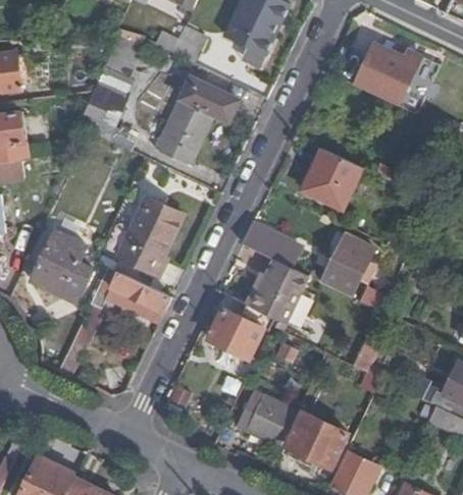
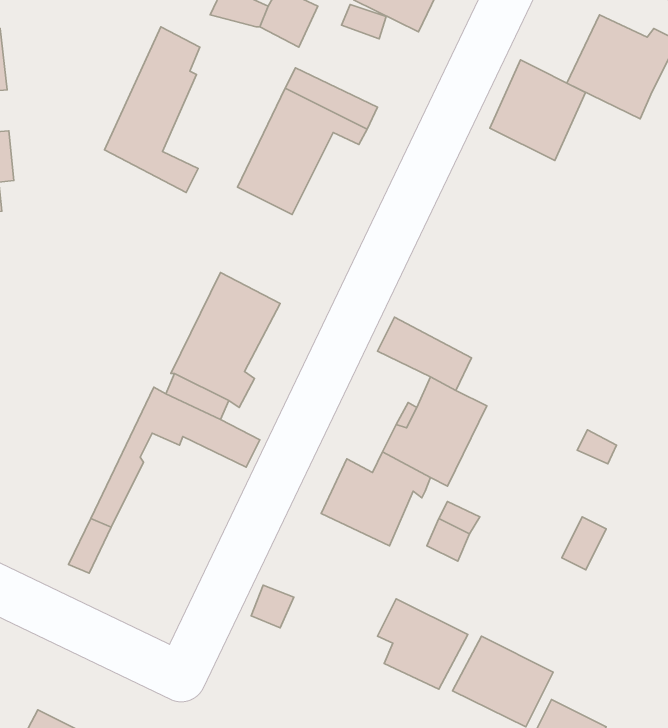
building: [305,149,362,209] -> [490,60,585,161]
building: [322,233,374,296] -> none
building: [28,236,90,307] -> none

